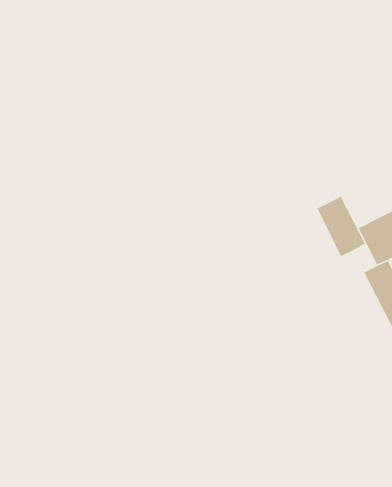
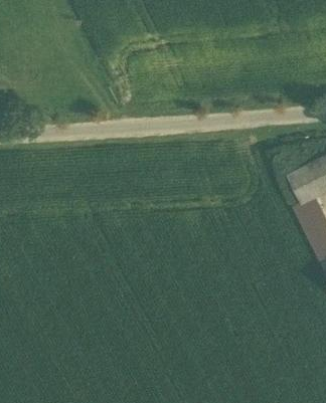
building: [317,196,366,257] -> none

